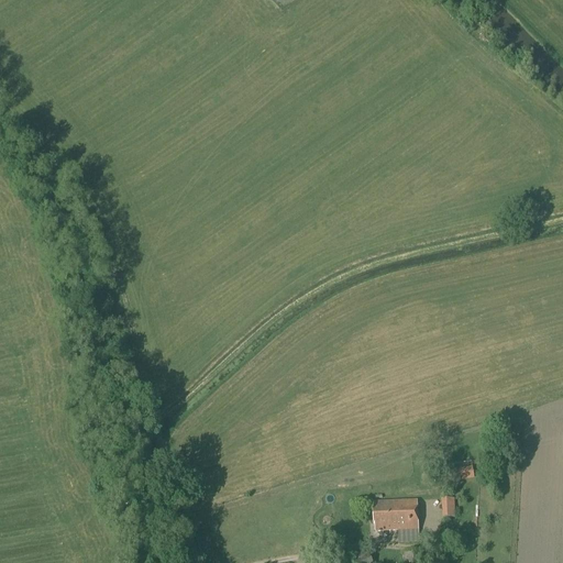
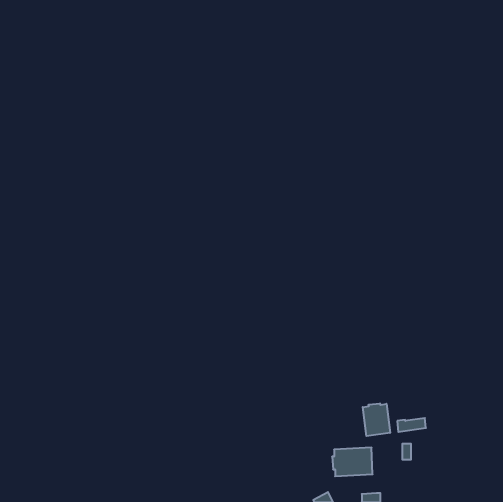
building: none -> [363,403,390,436]

